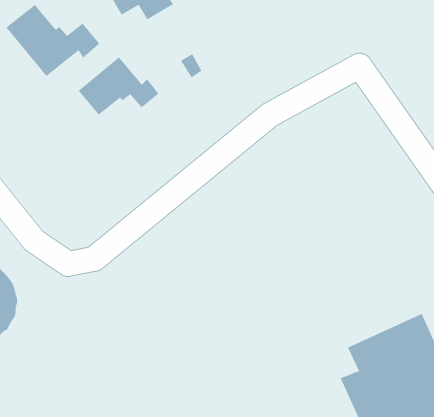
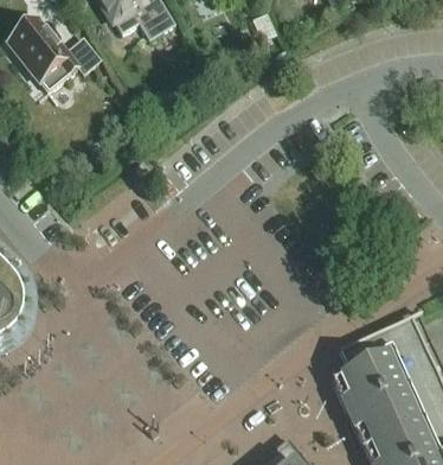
building: [78,57,159,115] -> none

